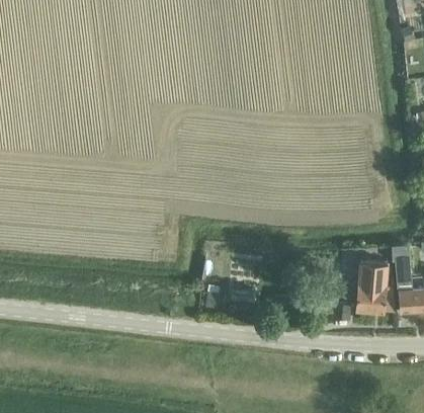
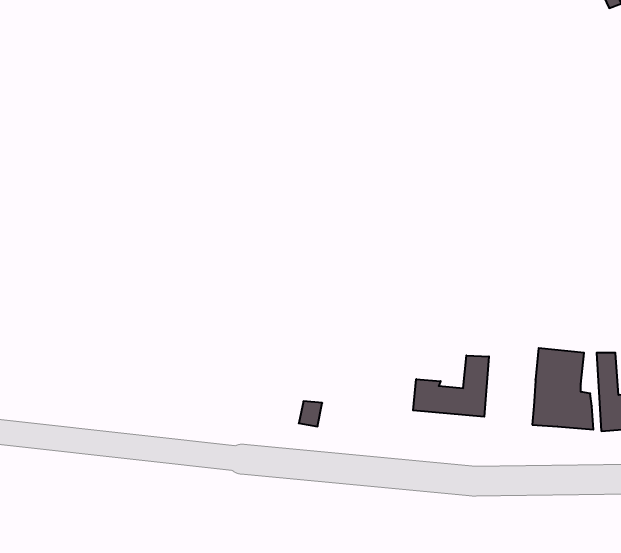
building: none -> [413,355,489,417]

